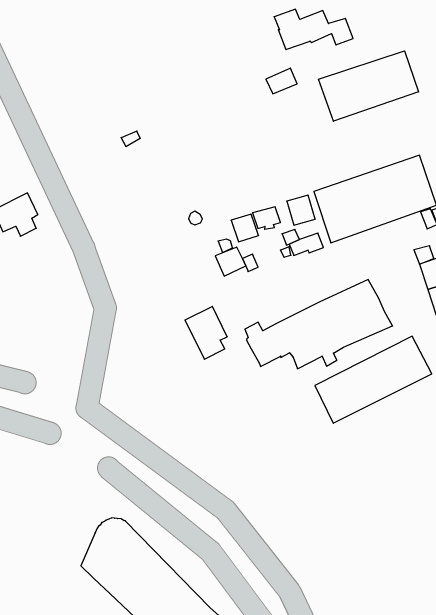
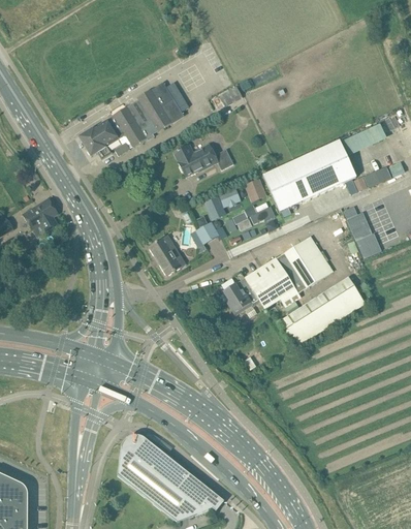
building: [274,9,353,50] -> [173,144,234,176]
building: [318,51,419,121] -> none
building: none -> [78,82,183,158]
building: [185,306,227,359] -> [149,235,182,275]

